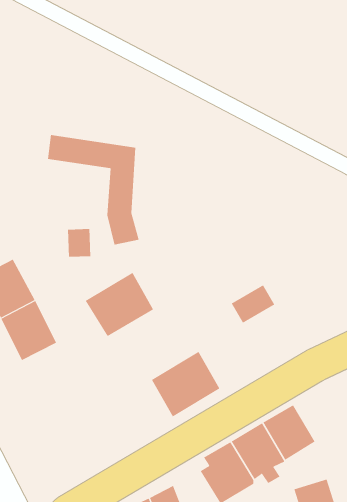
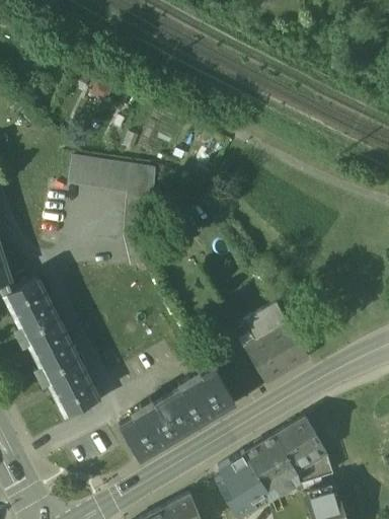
building: [67,228,91,258] -> none
building: [85,272,154,337] -> [124,394,189,456]
building: none -> [248,322,308,384]
building: none -> [46,359,99,416]
building: none -> [297,453,332,484]

